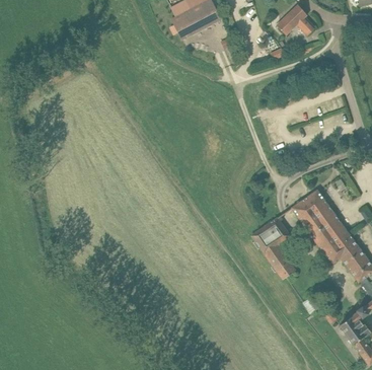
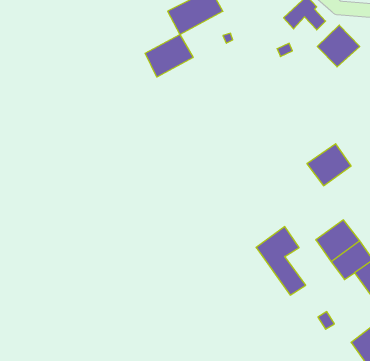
building: none -> [317,25,360,67]
building: none -> [145,34,193,77]
building: [291,190,331,228] -> [307,144,351,186]

